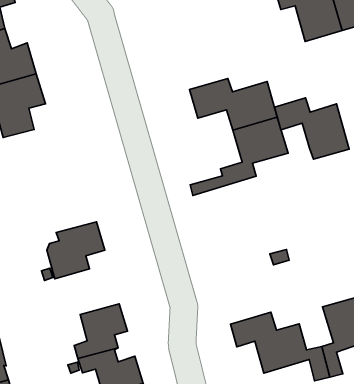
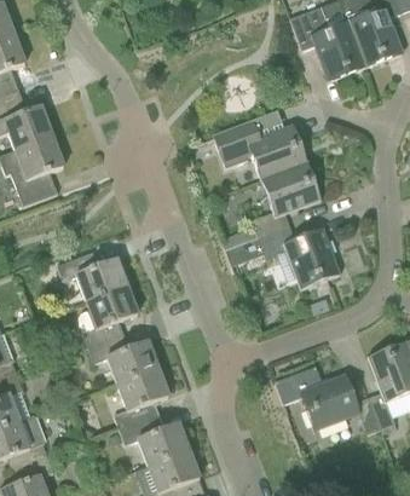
building: [275,98,349,159] -> [258,224,339,287]
building: none -> [57,250,127,299]
building: none -> [88,334,157,382]

